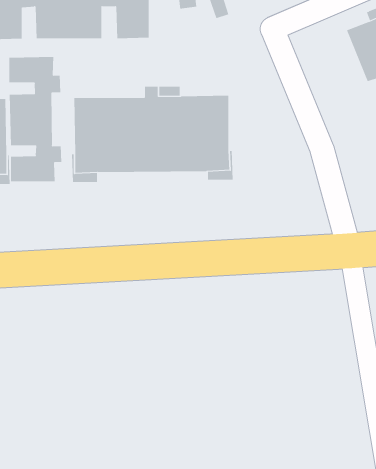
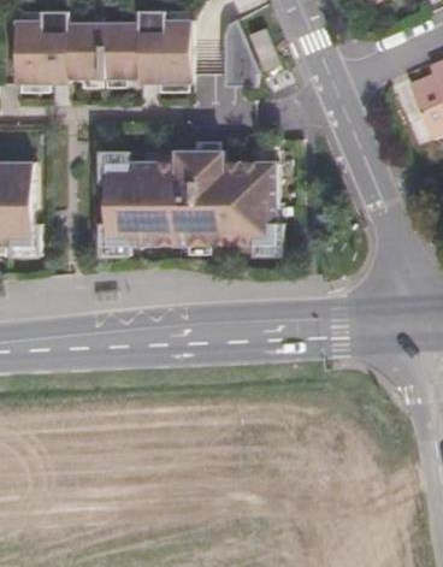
building: [9,56,62,182] -> none

